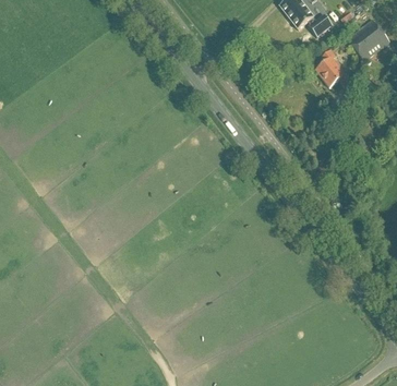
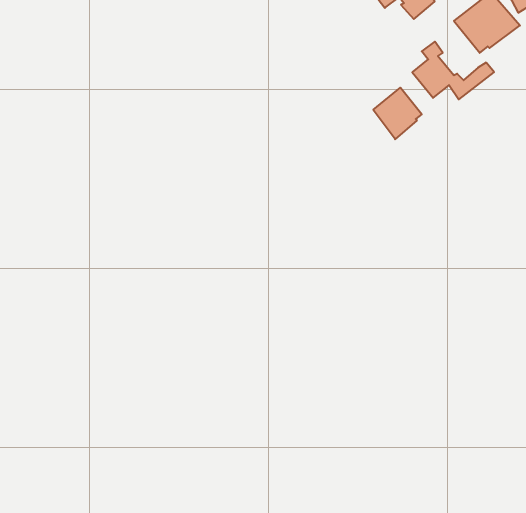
building: none -> [373,88,422,139]

